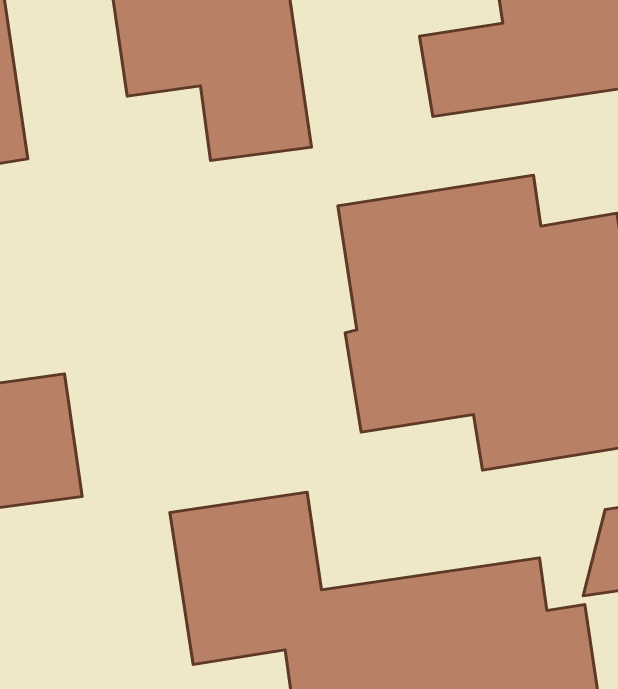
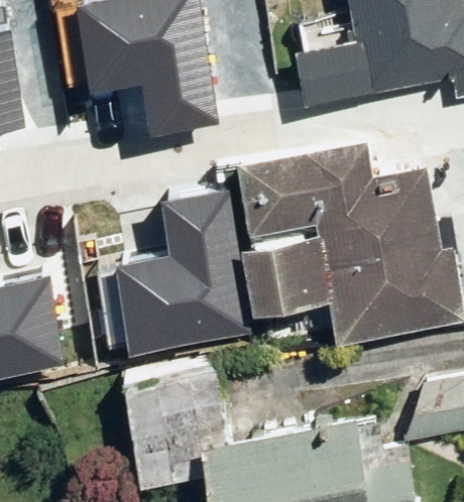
building: none -> [118,194,248,349]

